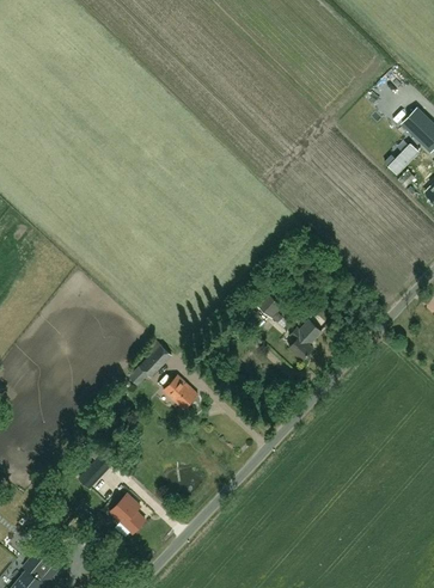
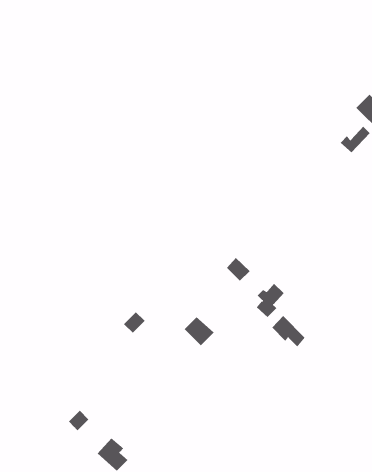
building: none -> [272,315,306,347]
building: [164,376,198,410] -> [184,317,215,346]

